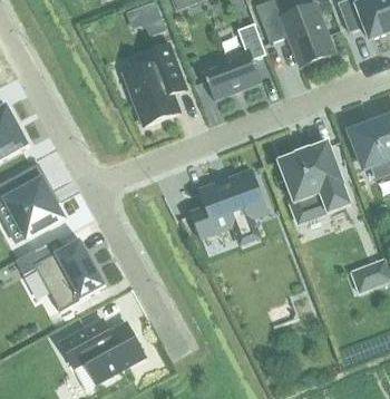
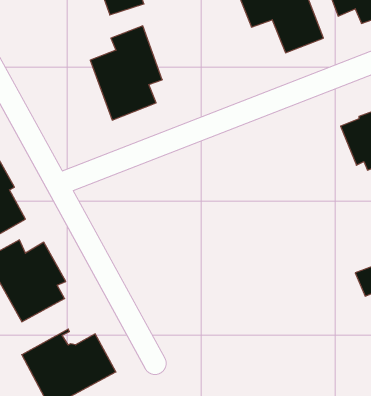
building: [202,22,262,98] -> none
building: [277,140,349,218] -> none
building: [191,169,267,235] -> none

